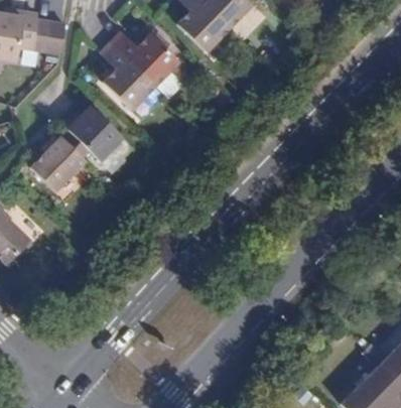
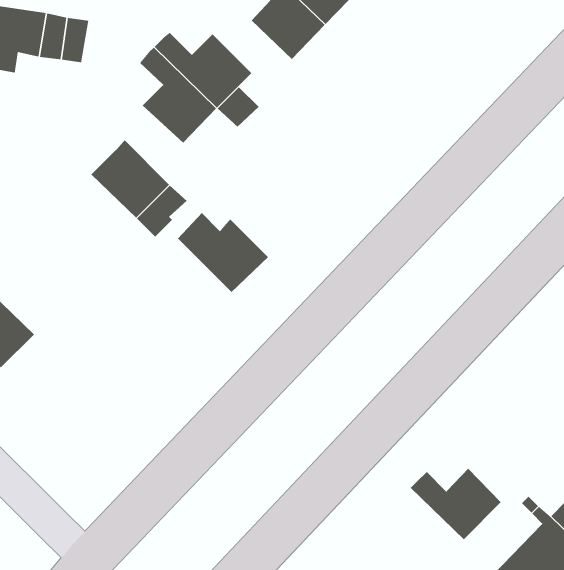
building: [31,135,86,189] -> none
building: none -> [177,212,269,293]
building: none -> [410,468,501,540]

